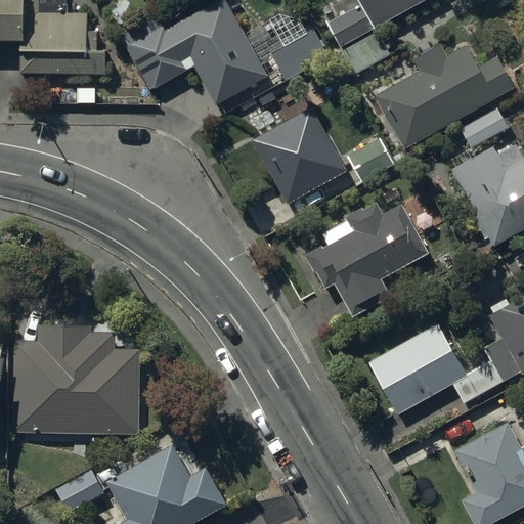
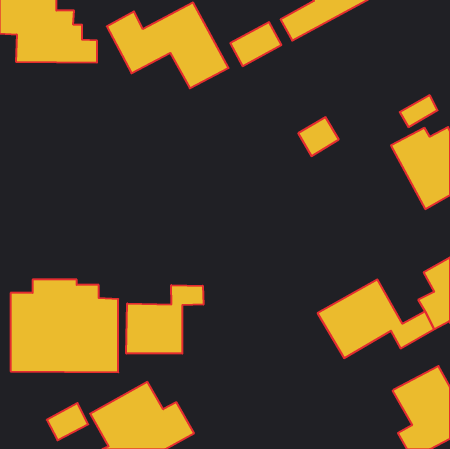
building: [377,48,511,147] -> none
building: [256,112,345,204] -> none
building: [315,201,427,312] -> none
building: none -> [126,285,203,354]

